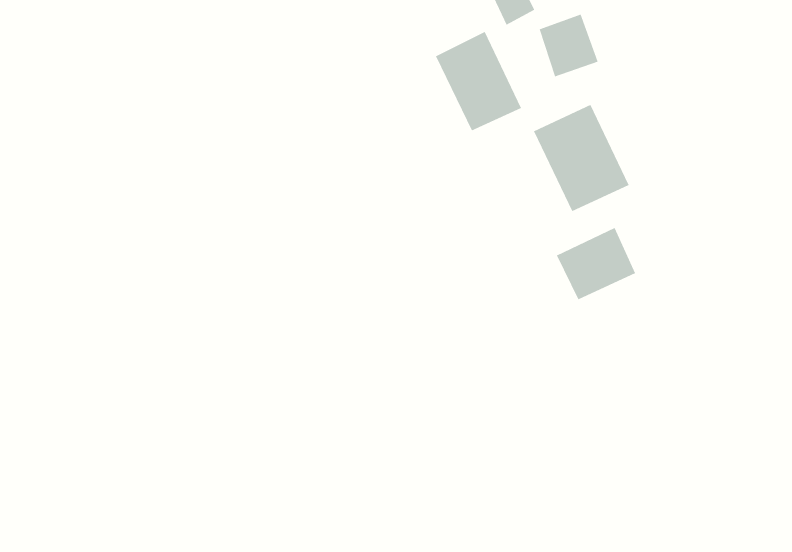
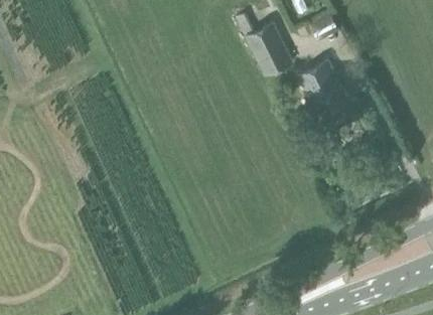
building: [556,227,636,300] -> none

